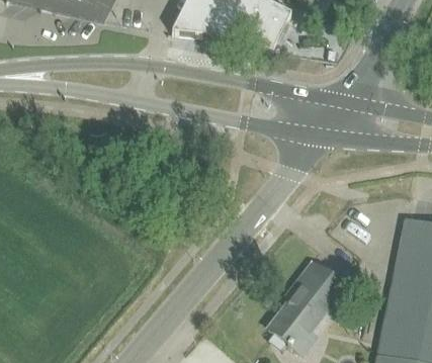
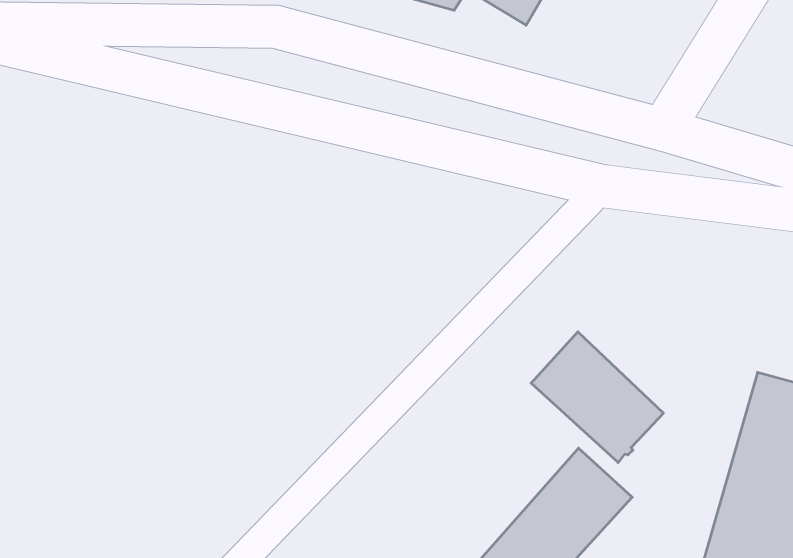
building: none -> [531,332,663,463]

